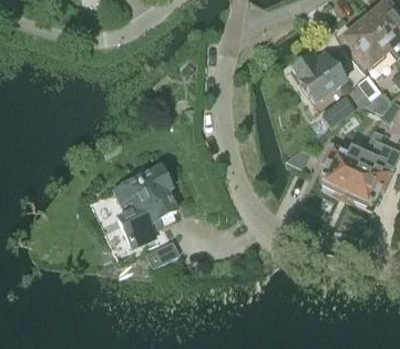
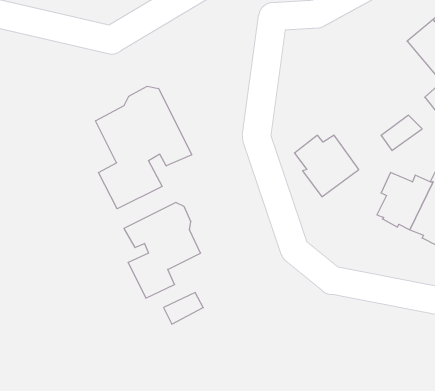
building: [291,53,343,103] -> [294,135,359,197]
building: none -> [96,86,192,209]

